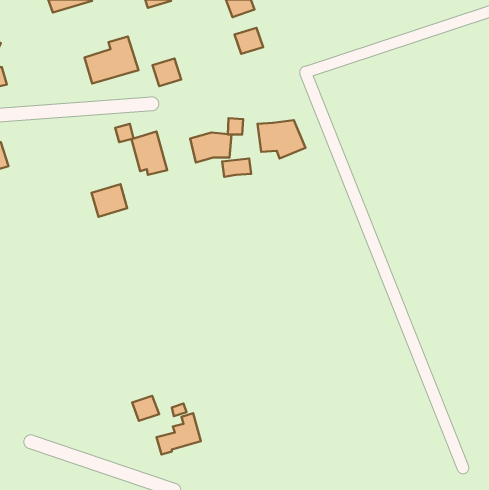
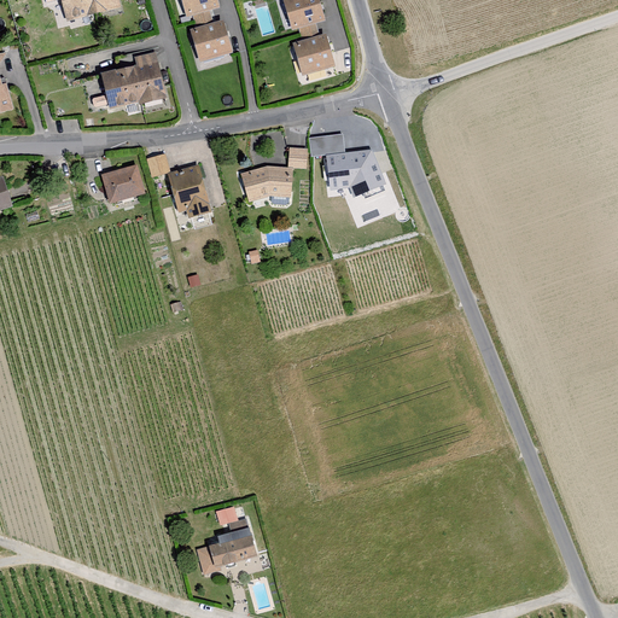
building: [152,58,181,86] -> [192,21,228,56]
building: [222,159,251,177] -> [307,135,343,158]
building: [92,184,127,217] -> [99,165,144,206]
building: [132,396,159,421] -> none

